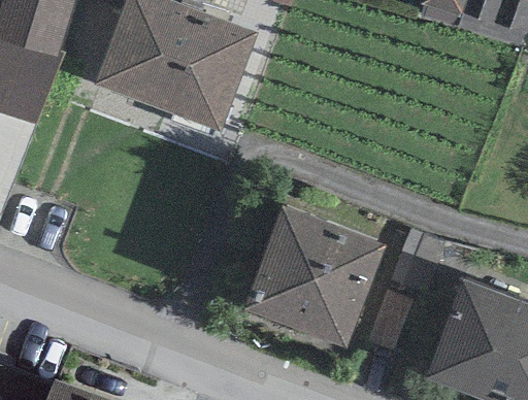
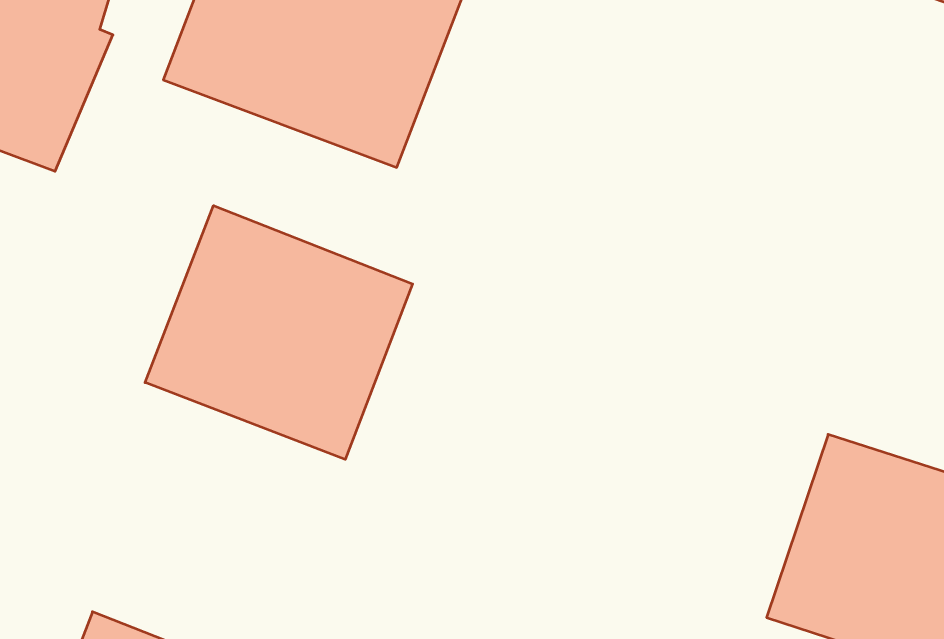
building: none -> [145,206,413,459]
building: [243,198,385,344] -> none

